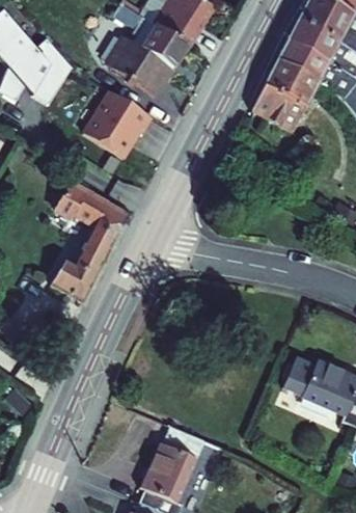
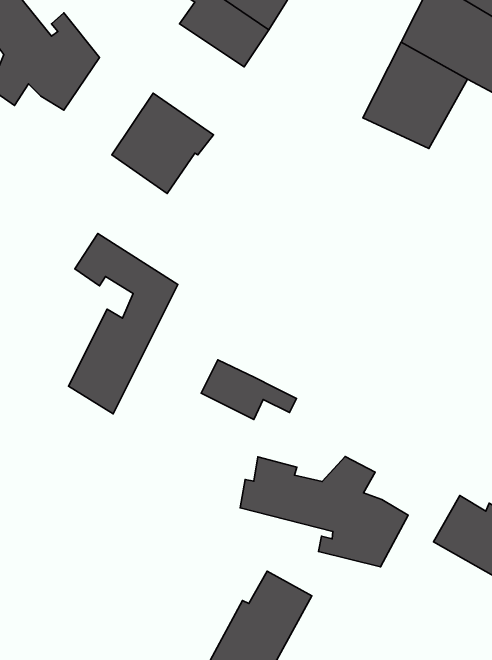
building: [112,43,170,96] -> none
building: none -> [201,360,296,419]
building: none -> [240,456,408,567]

